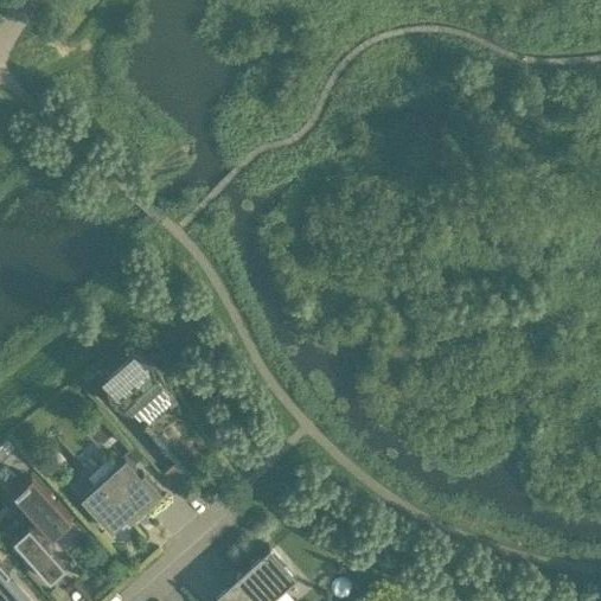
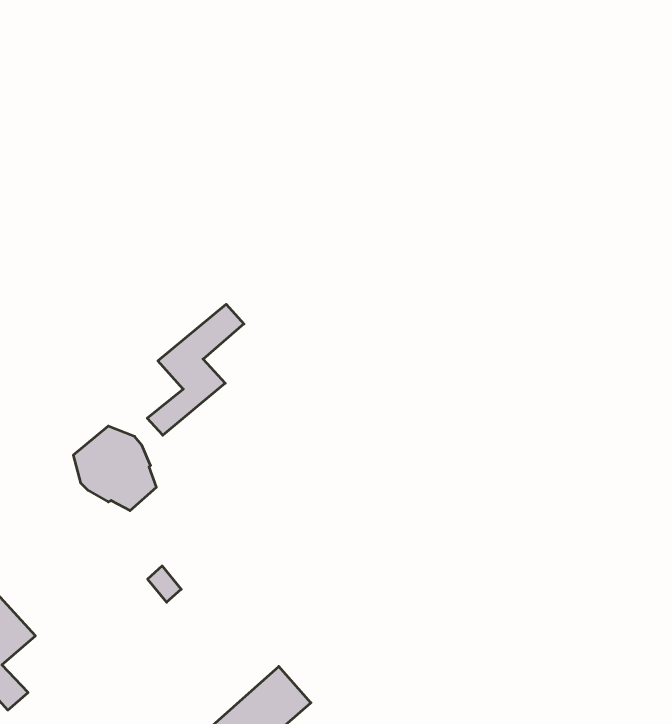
building: none -> [147,304,244,435]
building: [81,452,161,536] -> none

